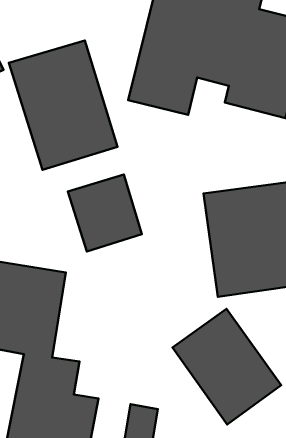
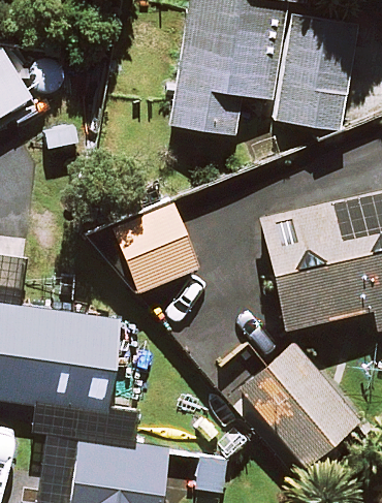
building: [9,40,118,170] -> none

